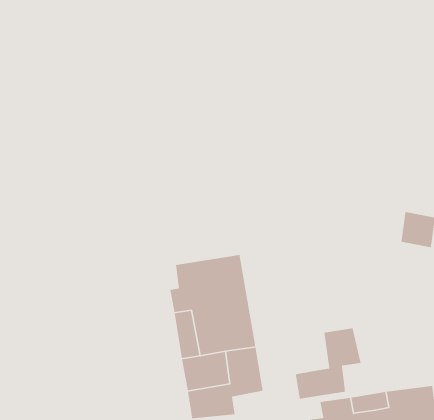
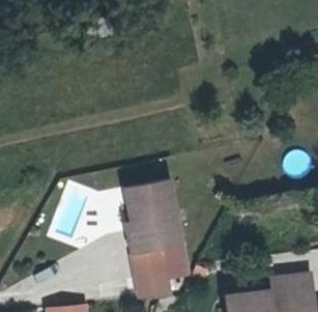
building: [295,328,361,399] -> none

